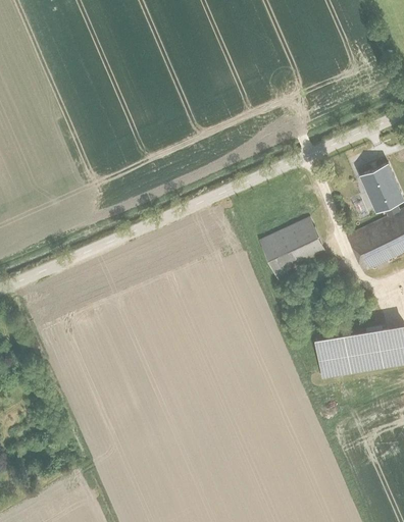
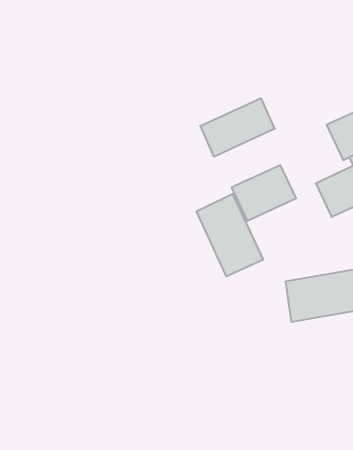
building: none -> [200,98,275,157]
building: none -> [197,194,263,277]

